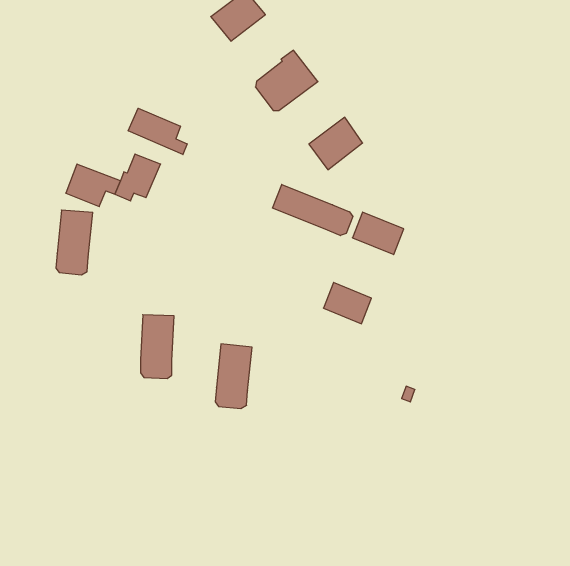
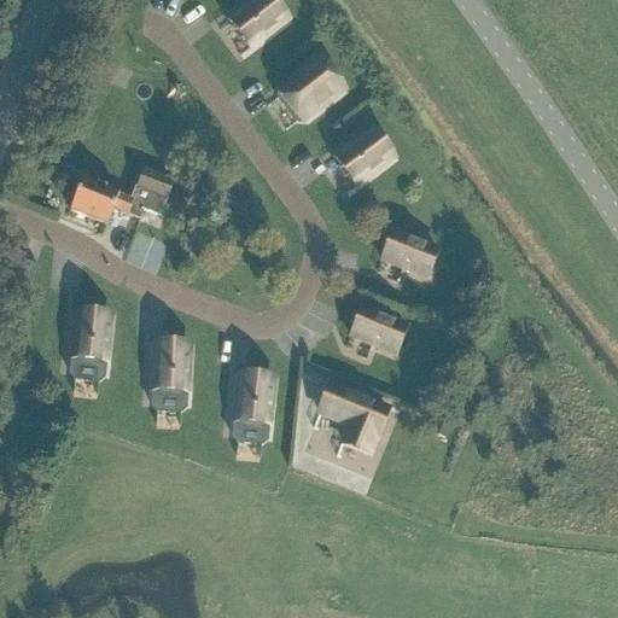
building: [128,108,187,155] -> none
building: [273,184,353,236] -> none
building: [56,210,93,275] -> [70,309,110,379]
building: none -> [319,383,387,449]

